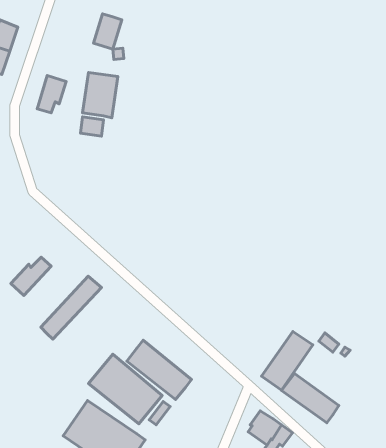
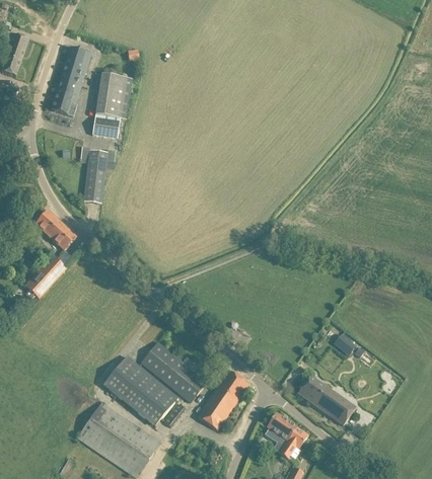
building: [94,14,122,49] -> [62,47,90,82]
building: none -> [84,149,107,203]
building: none -> [35,210,76,249]
building: [41,276,101,339] -> none
building: [261,332,313,390] -> [197,371,248,429]

